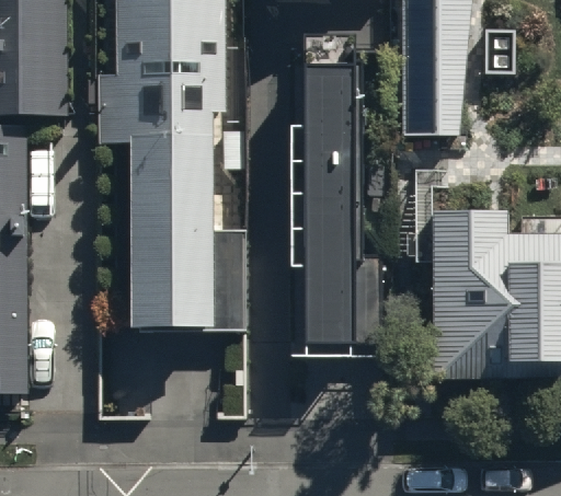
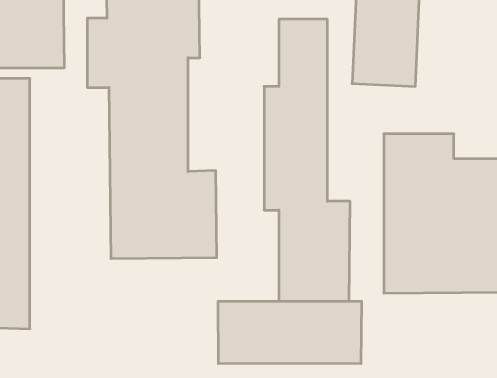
building: none -> [218,301,362,364]

